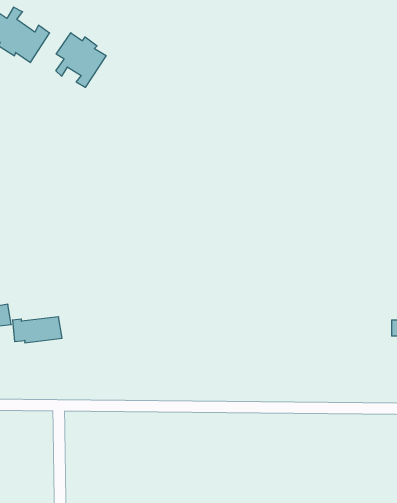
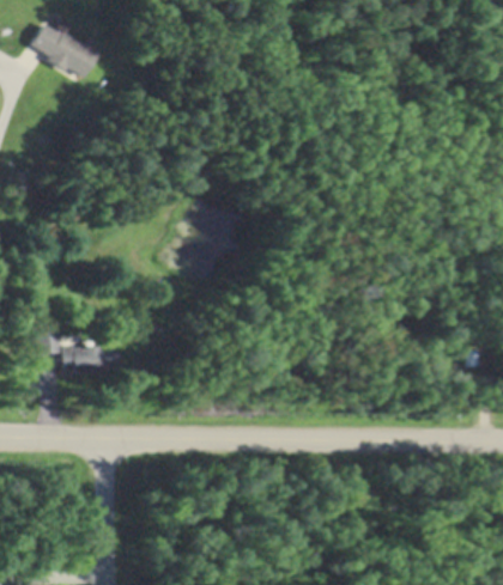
building: [56,33,106,87] -> none

